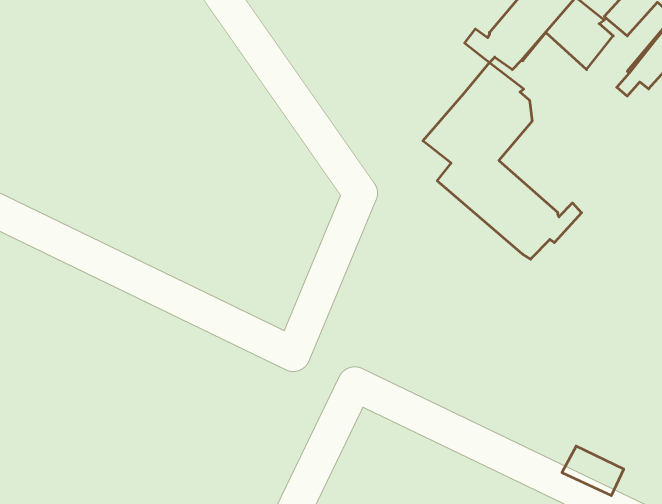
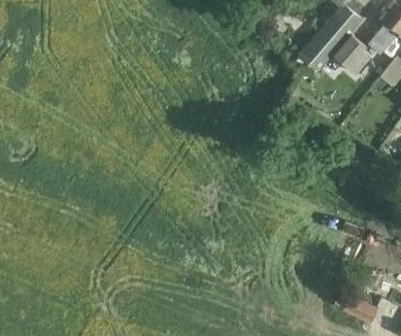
building: [423,62,582,259] -> none

